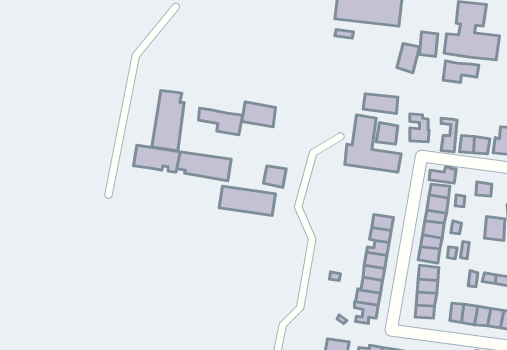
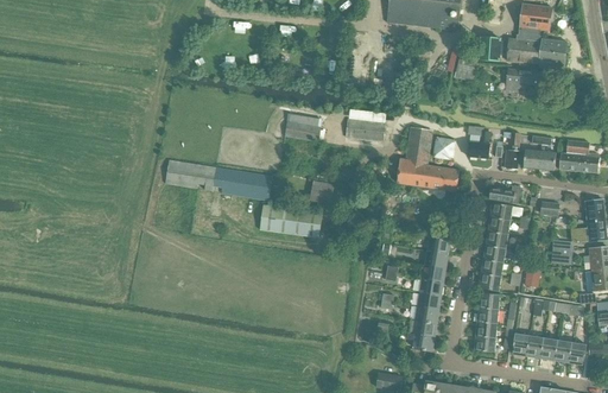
building: [152,90,184,151] -> none
building: [363,94,398,113] -> [346,119,384,140]
building: [198,108,243,135] -> none

